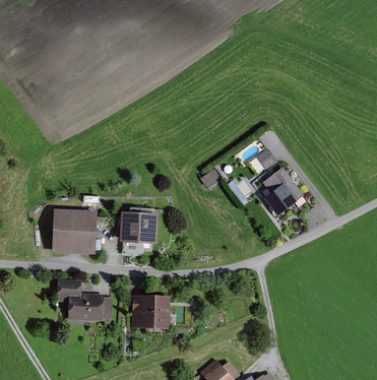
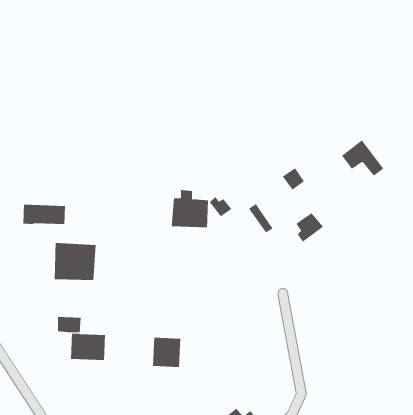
building: [264,168,302,200] -> [341,139,384,176]
building: none -> [23,204,65,225]
building: [122,207,155,241] -> [171,190,209,228]

